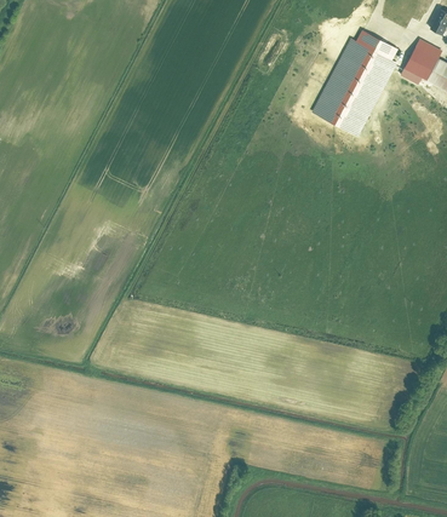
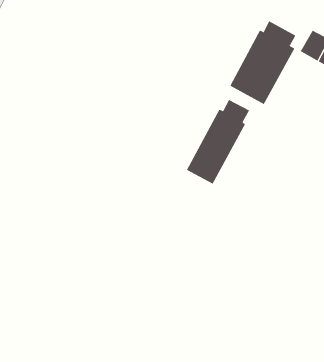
building: none -> [186,99,250,184]

